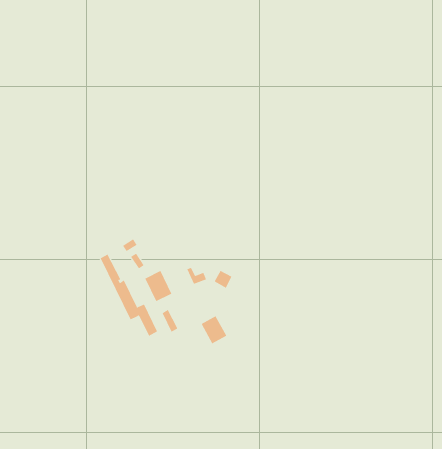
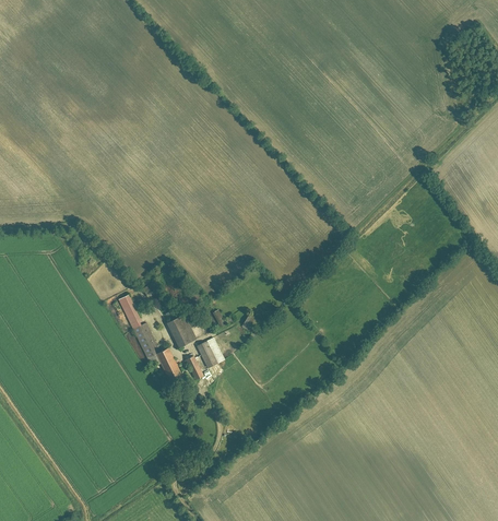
building: [201,316,227,344] -> [195,336,224,367]

